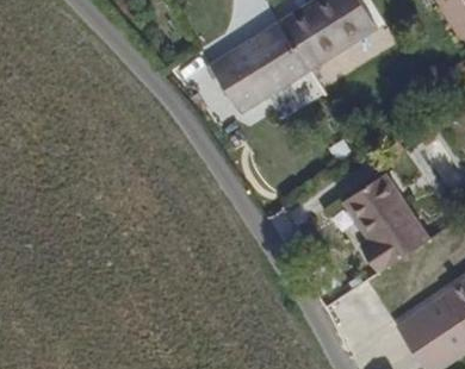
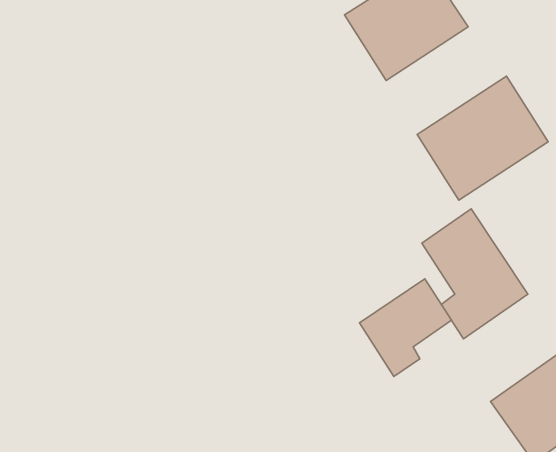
building: [210,18,315,117] -> [417,76,548,200]
building: none -> [359,279,451,377]

